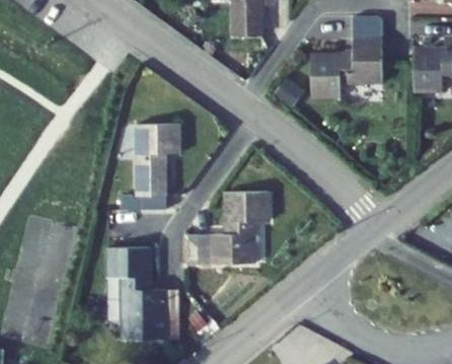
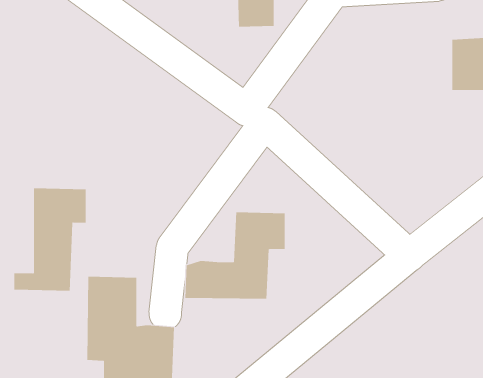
building: [311,27,383,100] -> none
building: [119,126,179,212] -> [14,188,86,291]

